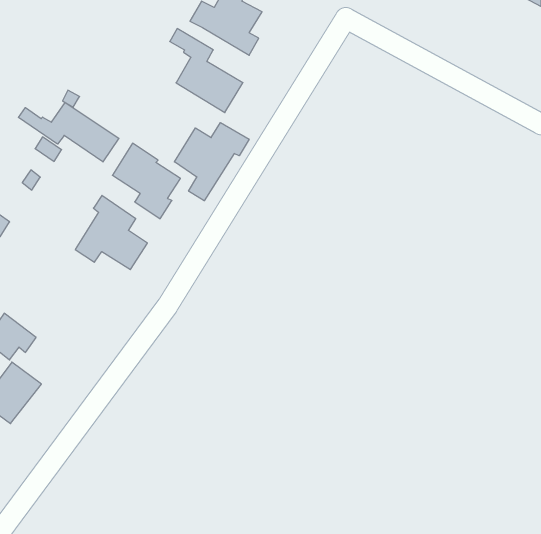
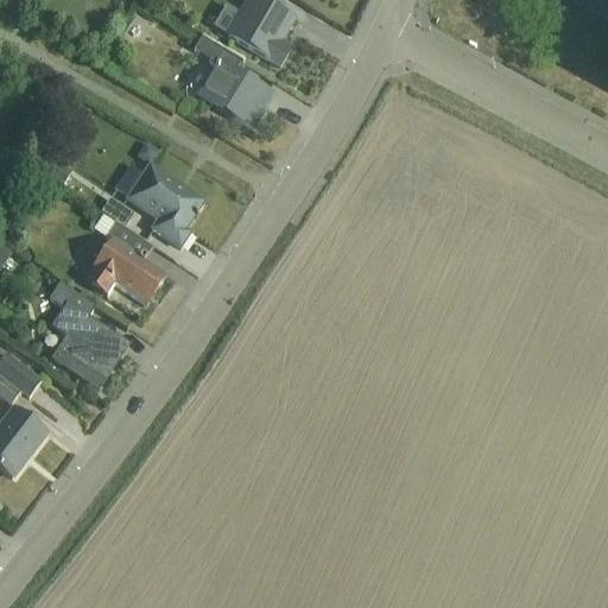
building: [18,103,119,162] -> none
building: [174,123,249,201] -> none
building: none -> [49,280,124,384]

